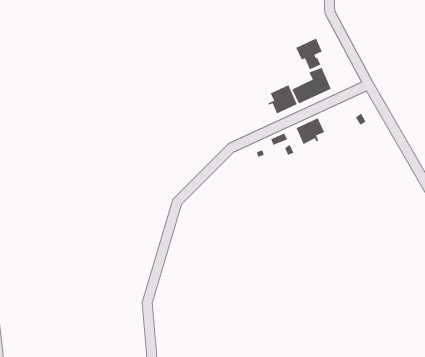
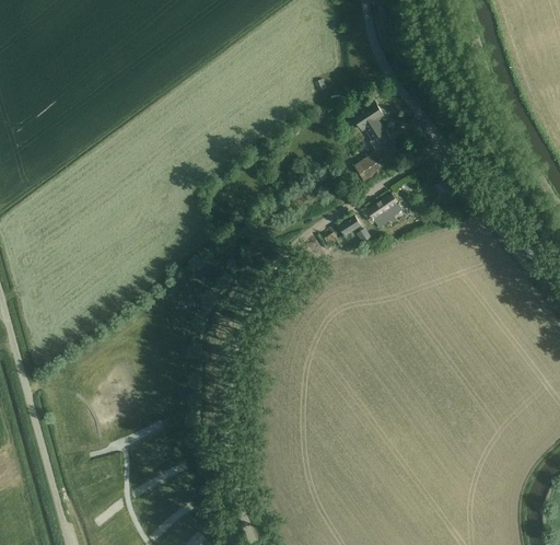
building: [267,84,298,115] -> none

